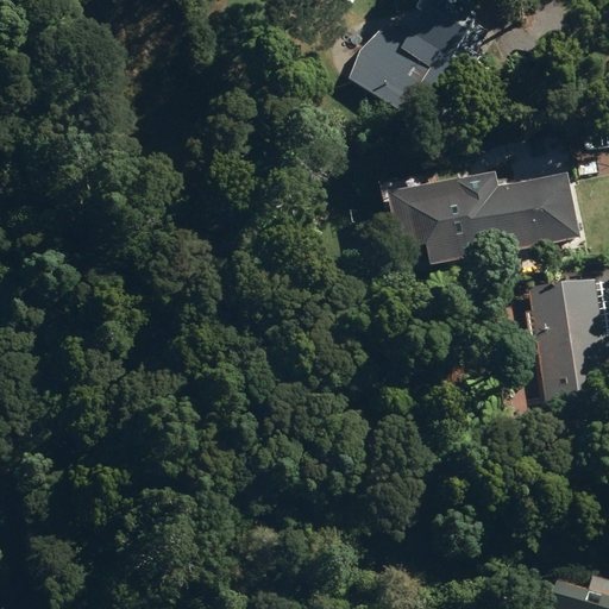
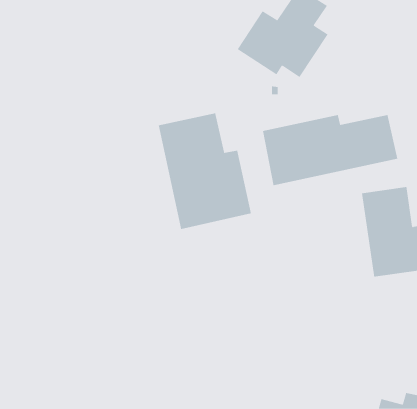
building: none -> [158,113,251,230]

